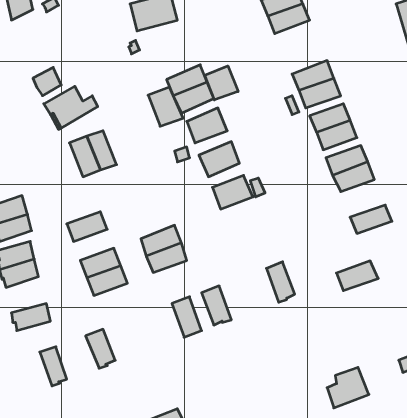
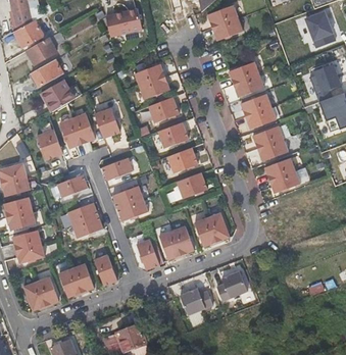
building: none -> [12,20,42,48]
building: none -> [26,39,55,65]
building: [205,66,238,100] -> none
building: [148,87,183,126] -> [94,108,120,138]
building: none -> [37,129,63,159]
building: none -> [102,157,134,181]
building: none -> [177,171,207,198]
building: [336,261,378,291] -> [266,156,298,179]
building: none -> [194,217,217,247]
building: none -> [172,225,195,256]
building: none -> [12,230,42,251]
building: none -> [94,254,117,285]
building: none -> [58,268,82,297]
building: none -> [22,281,46,310]
building: none -> [176,289,210,315]
building: [327,367,369,408] -> [214,271,246,302]

